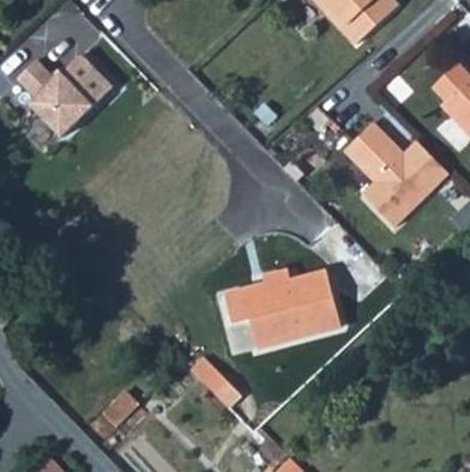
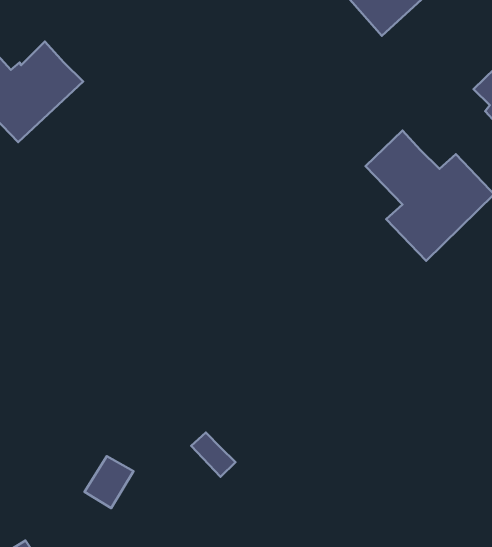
building: [231,264,344,341] -> none

